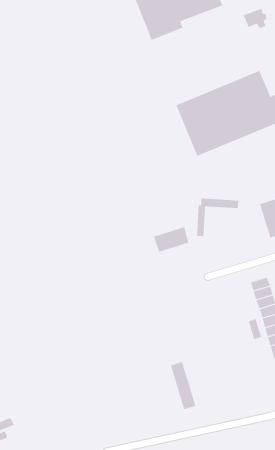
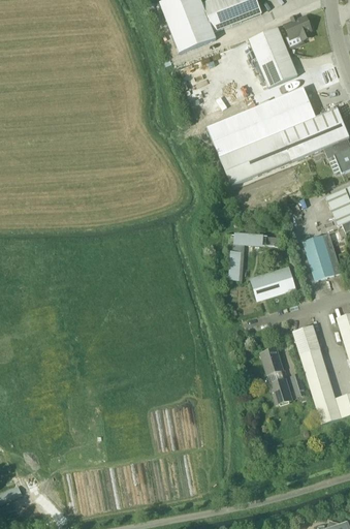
building: none -> [240,27,297,87]
building: [153,227,189,253] -> [252,268,293,298]
building: [170,361,196,410] -> [261,348,291,404]

